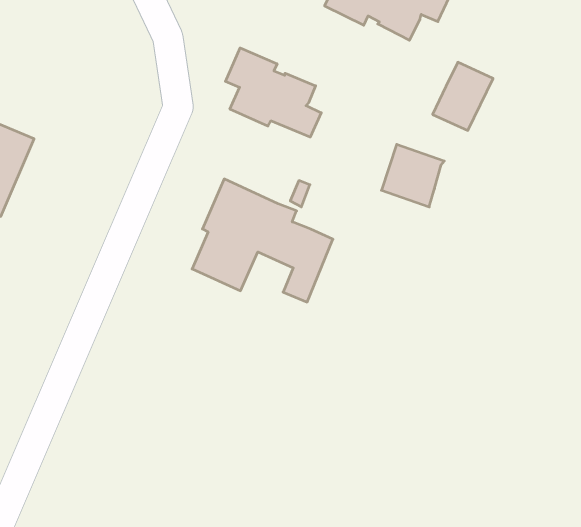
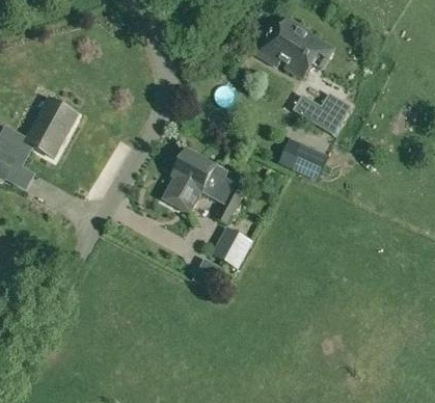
building: [225,48,321,137] -> none
building: none -> [212,226,250,266]

